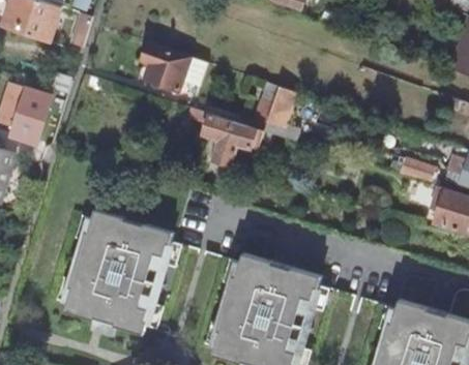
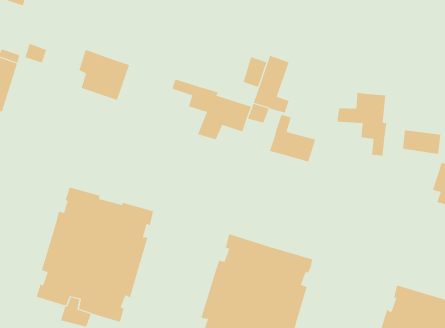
building: [142,41,189,89] -> [79,49,130,100]
building: none -> [337,92,387,156]
building: none -> [269,114,316,163]

